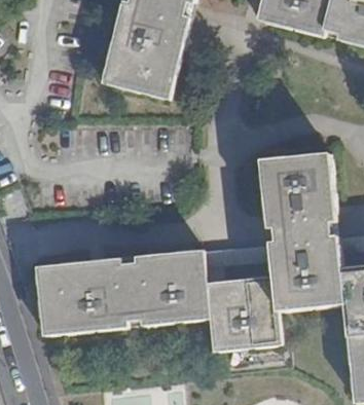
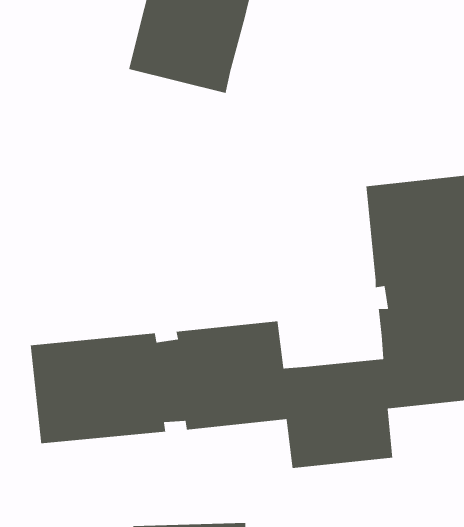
building: [204,242,272,282] -> none

